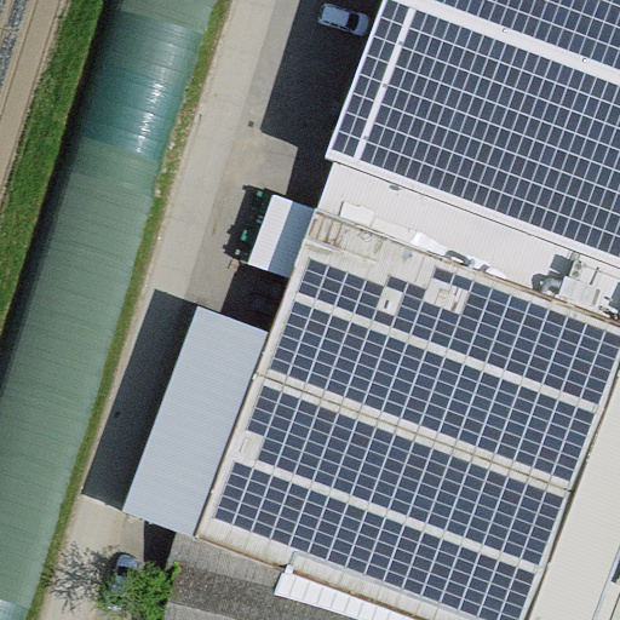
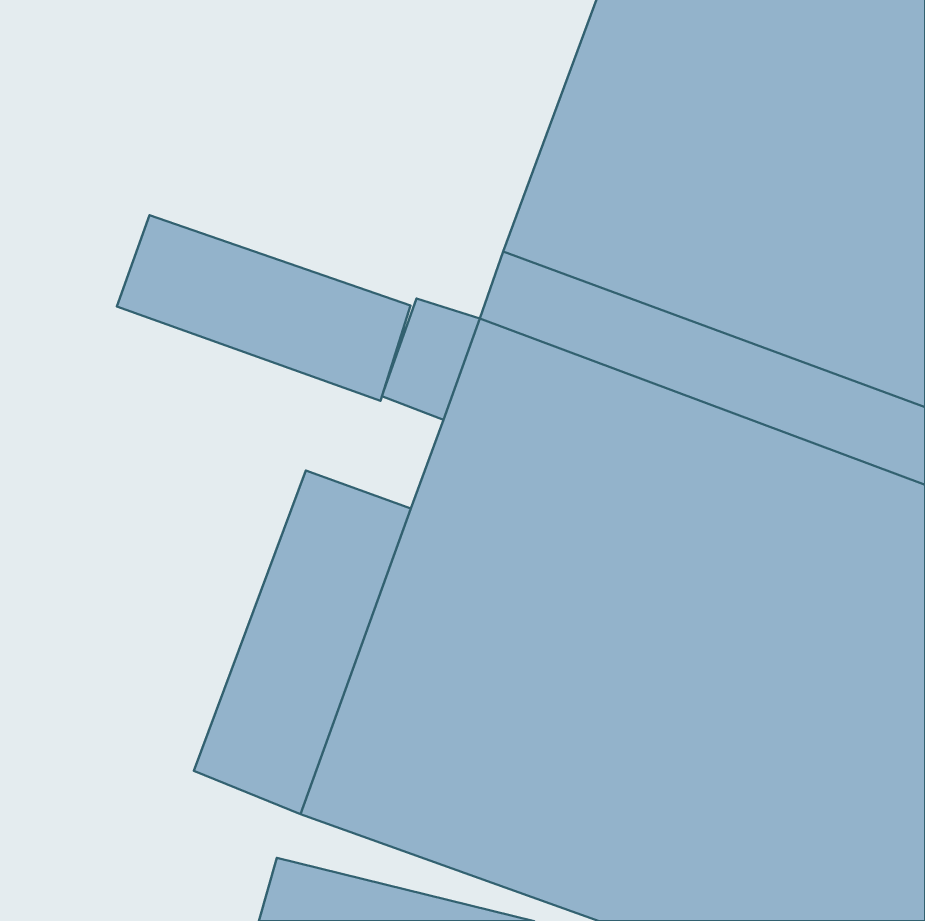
building: none -> [117,215,410,401]

